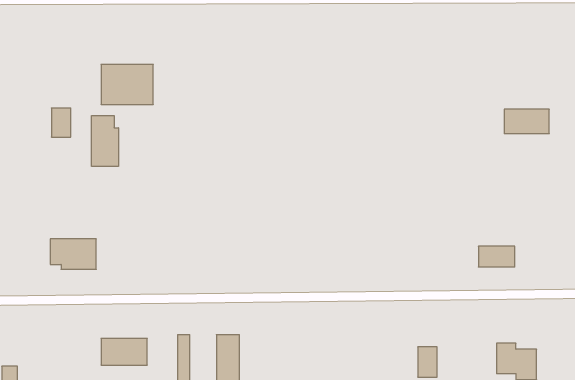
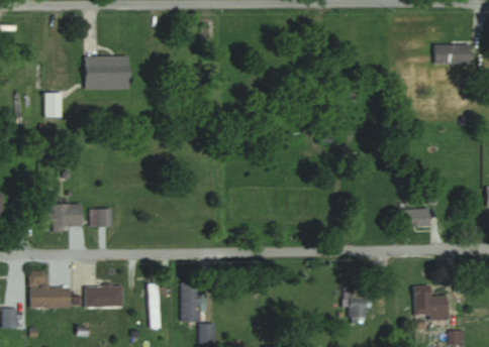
building: [504,109,549,134] -> [433,45,471,66]
building: [92,116,118,166] -> none
building: none -> [89,209,112,226]
building: none -> [30,270,71,308]

